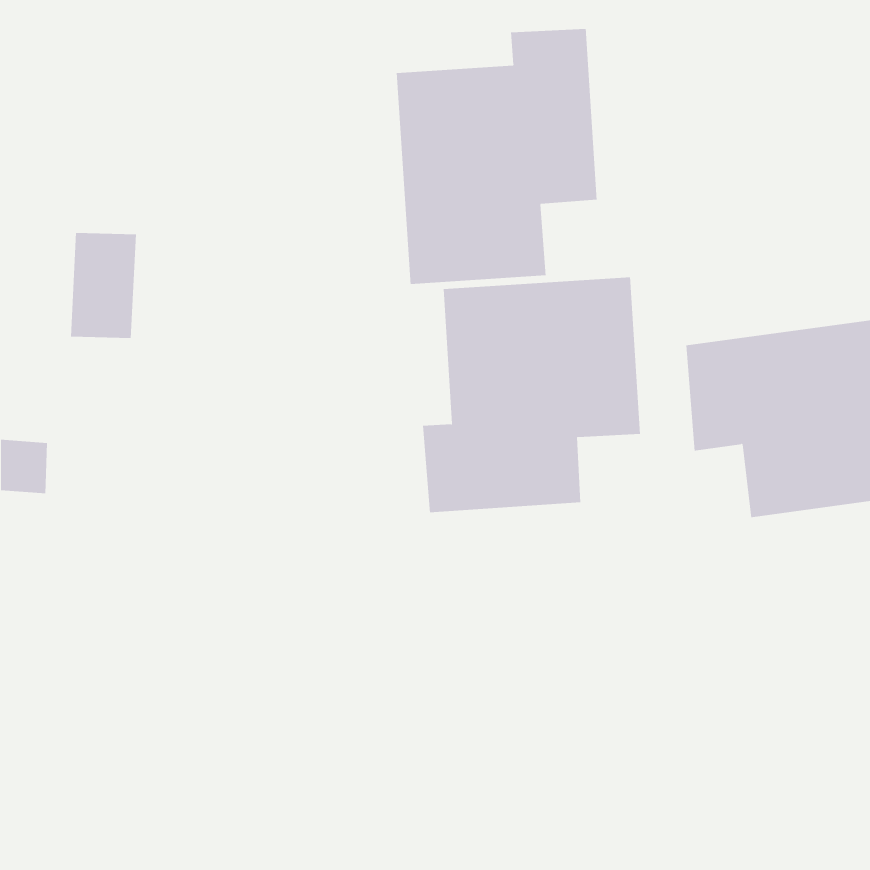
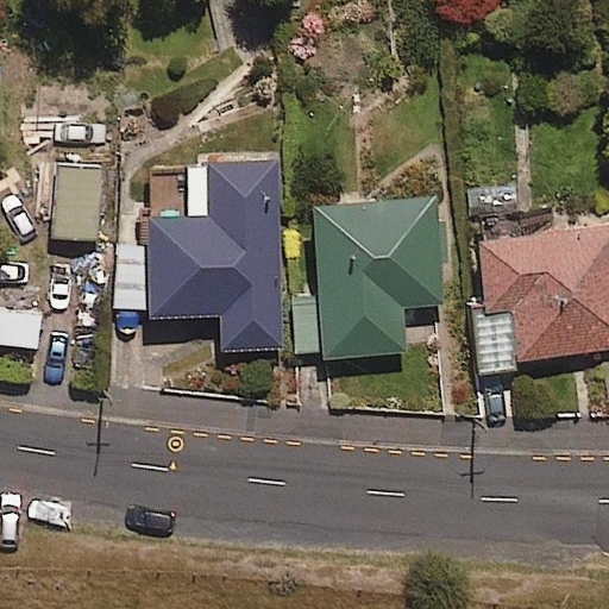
building: [396,28,597,285] -> none
building: none -> [144,156,288,357]

